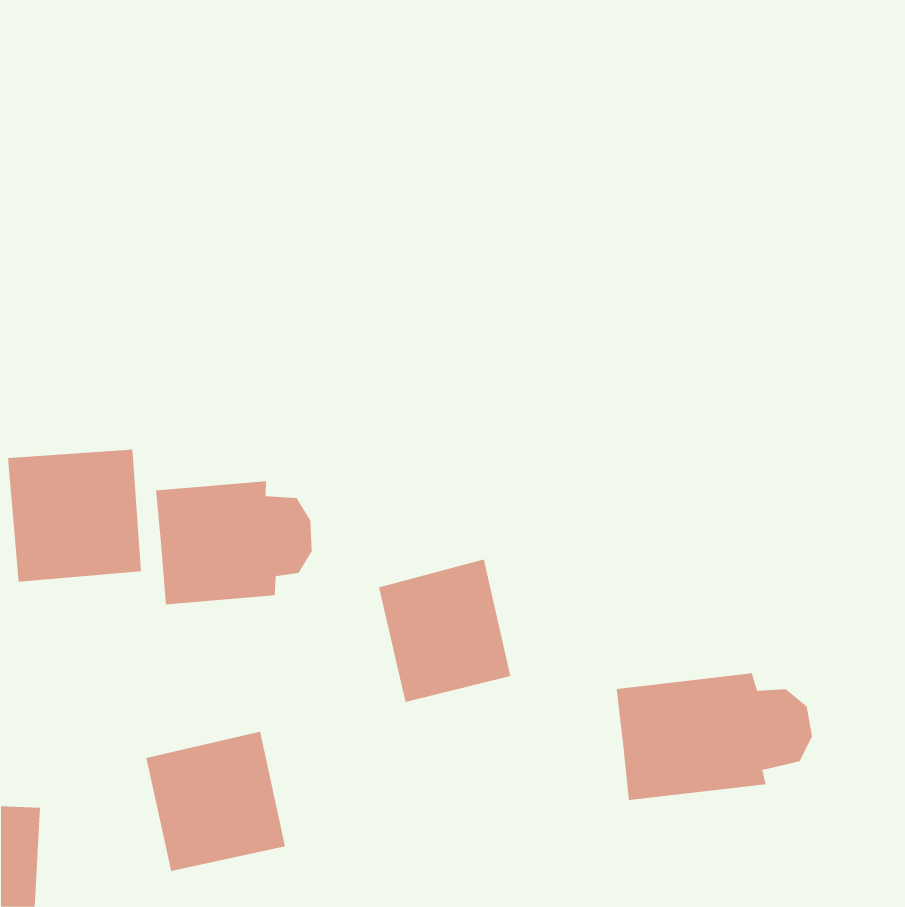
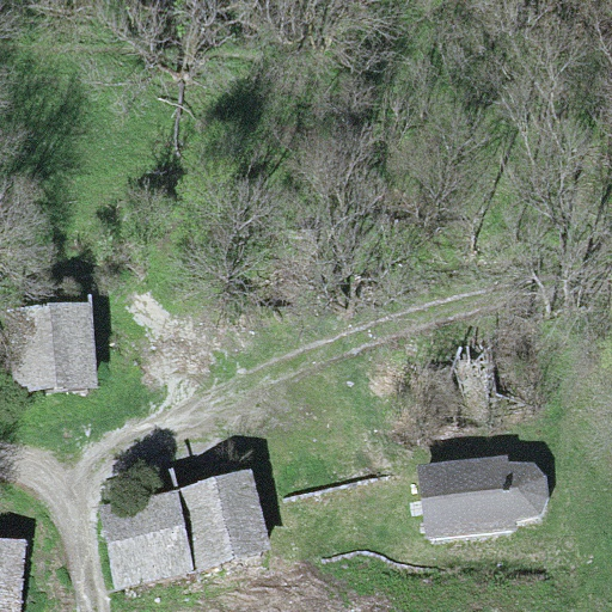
building: [155,480,312,605] -> none
building: [378,559,511,703] -> [179,470,269,567]

